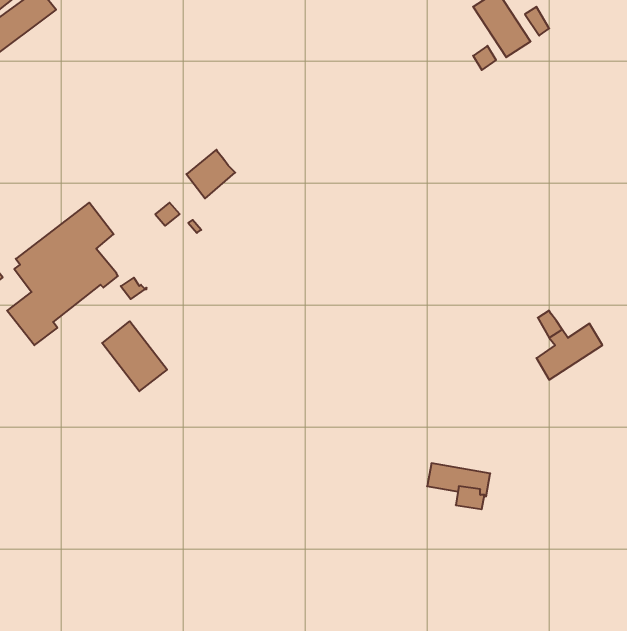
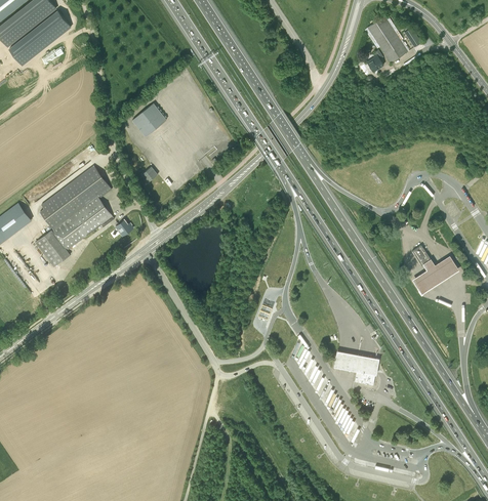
building: [186,150,235,198] -> [131,103,166,138]
building: [102,321,167,391] -> none

